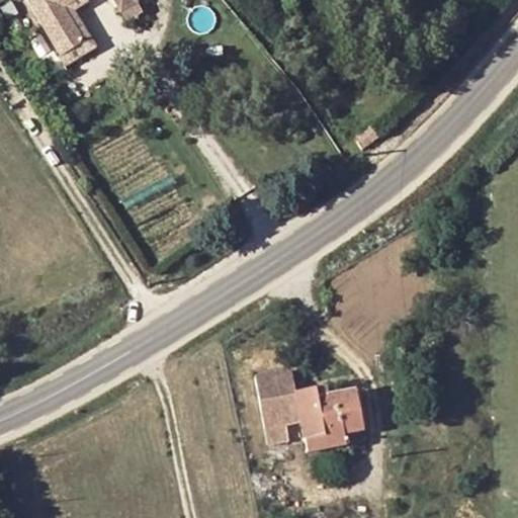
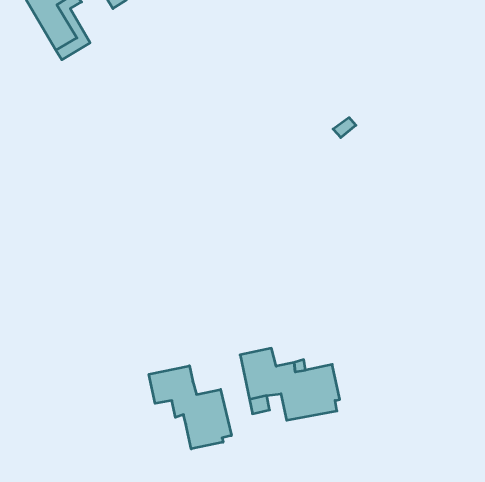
building: none -> [149,366,231,449]

